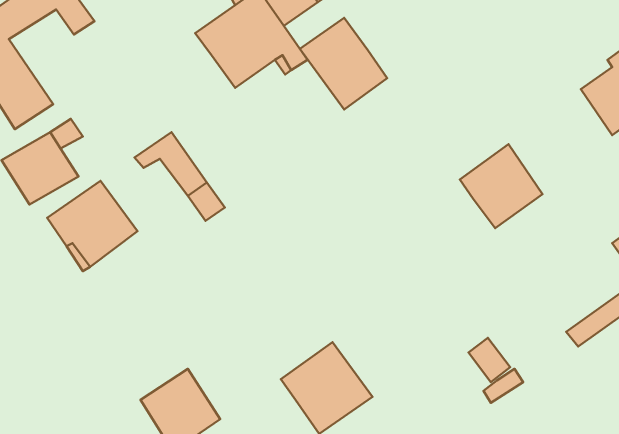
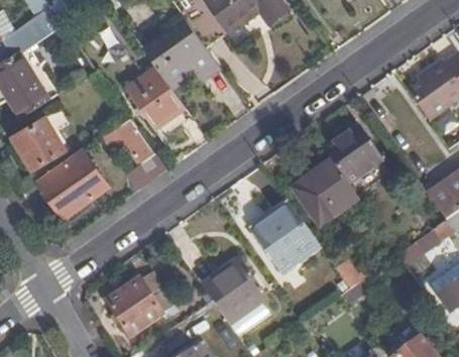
building: [300,18,387,109] -> [125,66,185,128]
building: none -> [297,163,359,226]
building: none -> [252,202,318,268]

